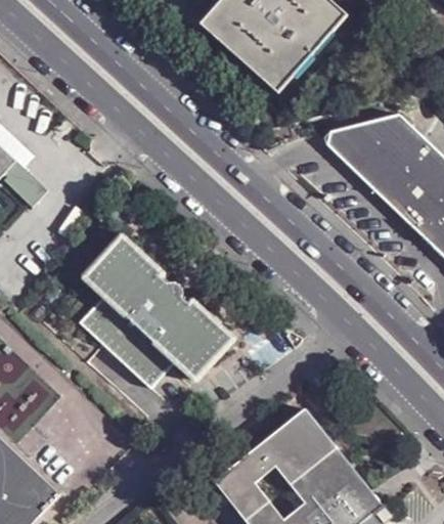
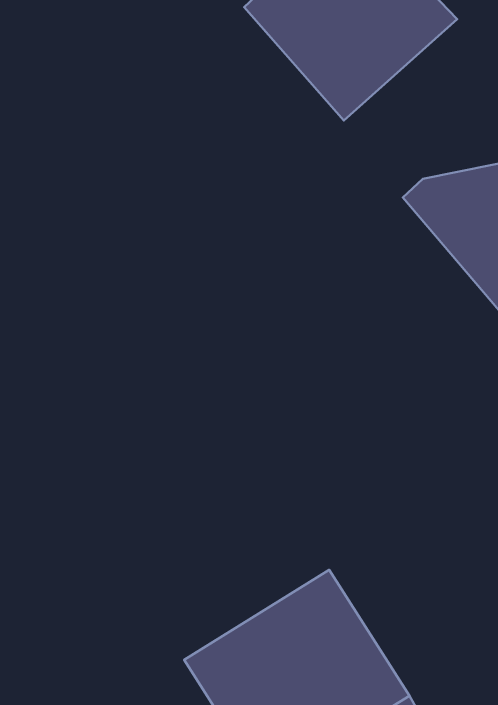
building: [81,223,236,377] -> none

